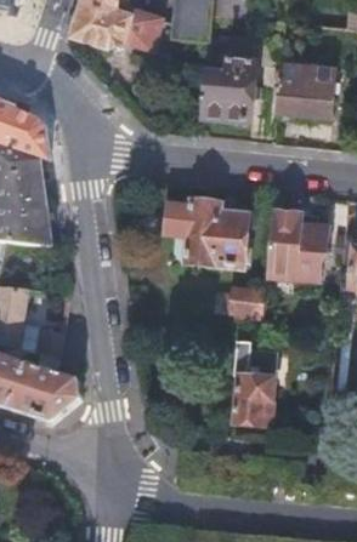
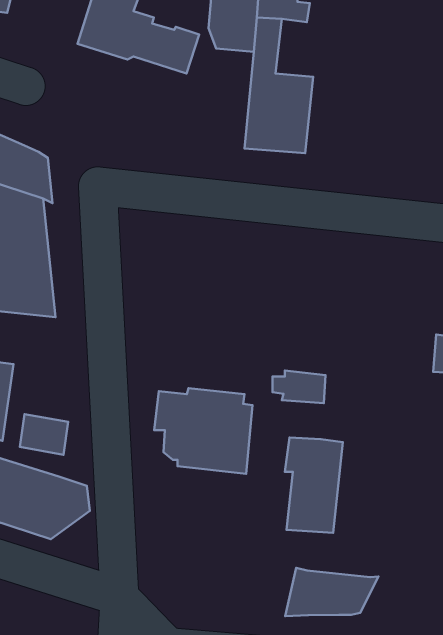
building: [273,63,332,116] -> none
building: [170,201,246,268] -> [154,388,252,474]
building: [264,210,325,283] -> none
building: none -> [285,568,378,616]

